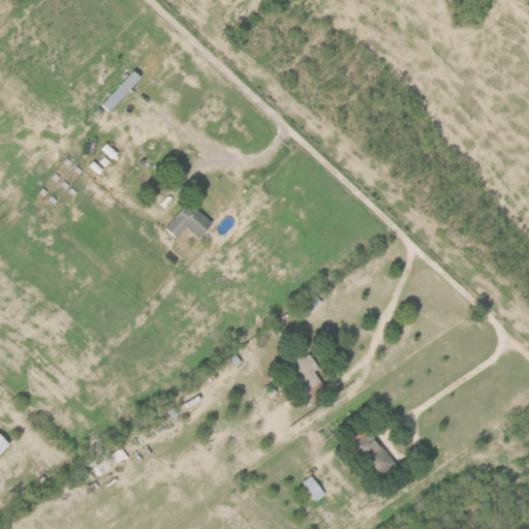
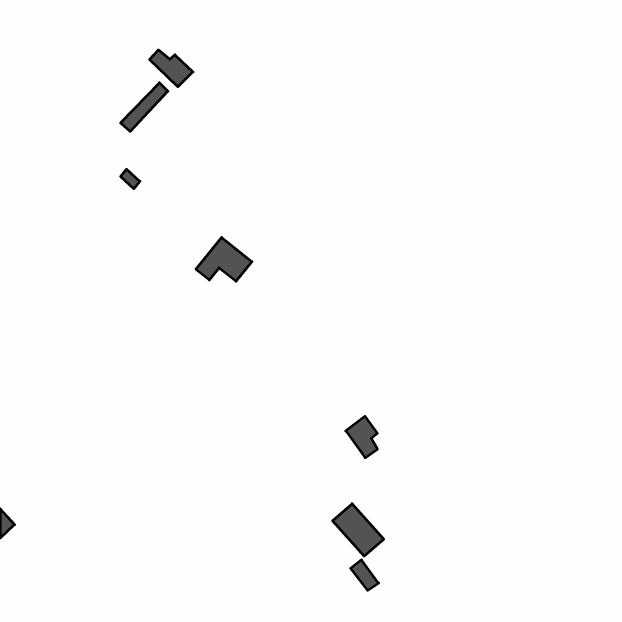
building: none -> [150,50,193,87]
building: [347,432,391,476] -> [333,504,384,556]

